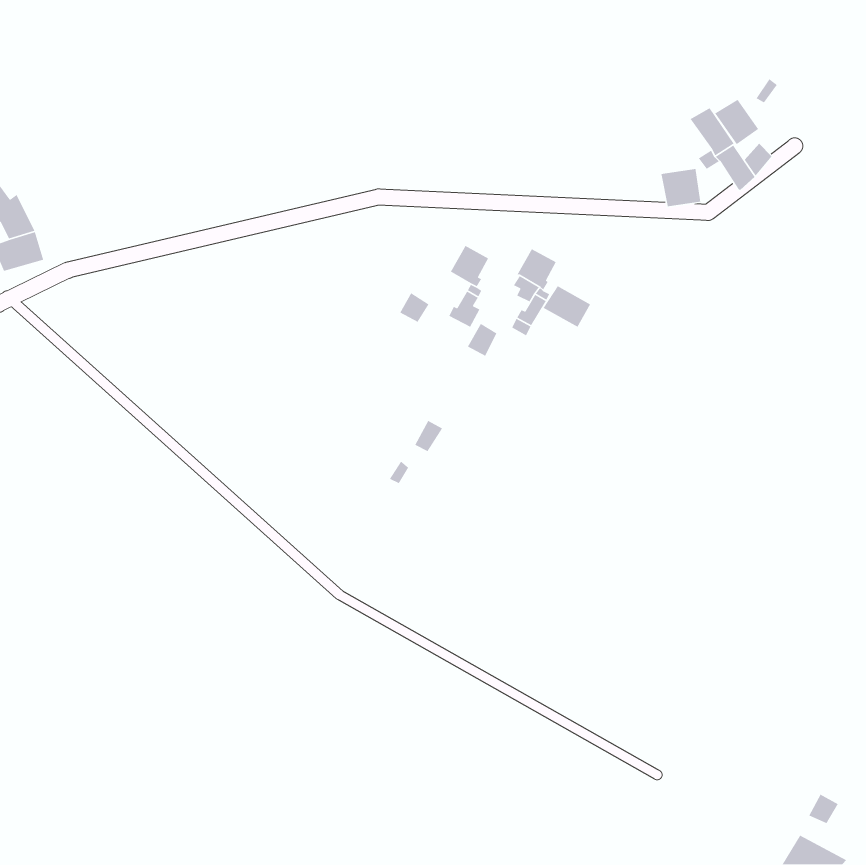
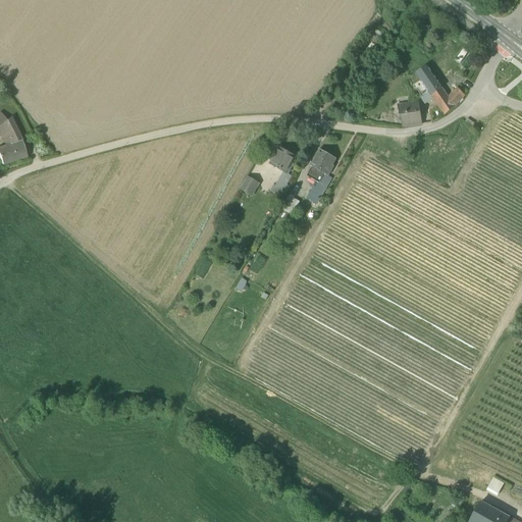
building: [714,99,759,145] -> none
building: [542,285,591,328] -> none

